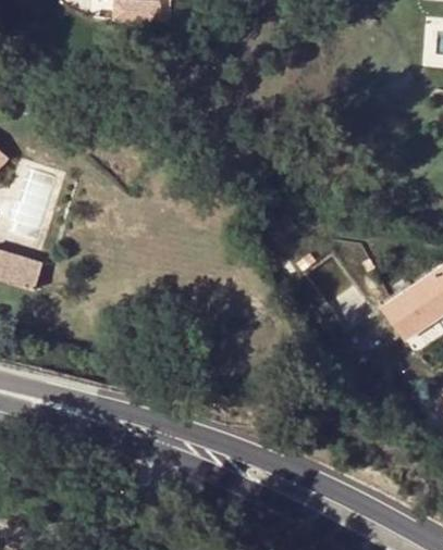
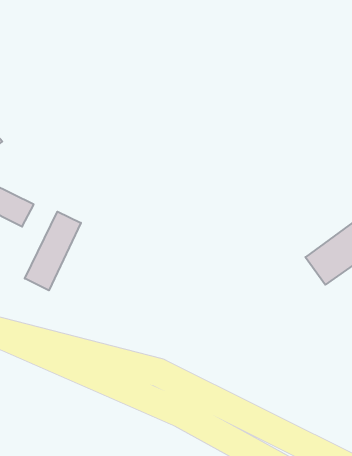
building: none -> [25,212,81,290]

